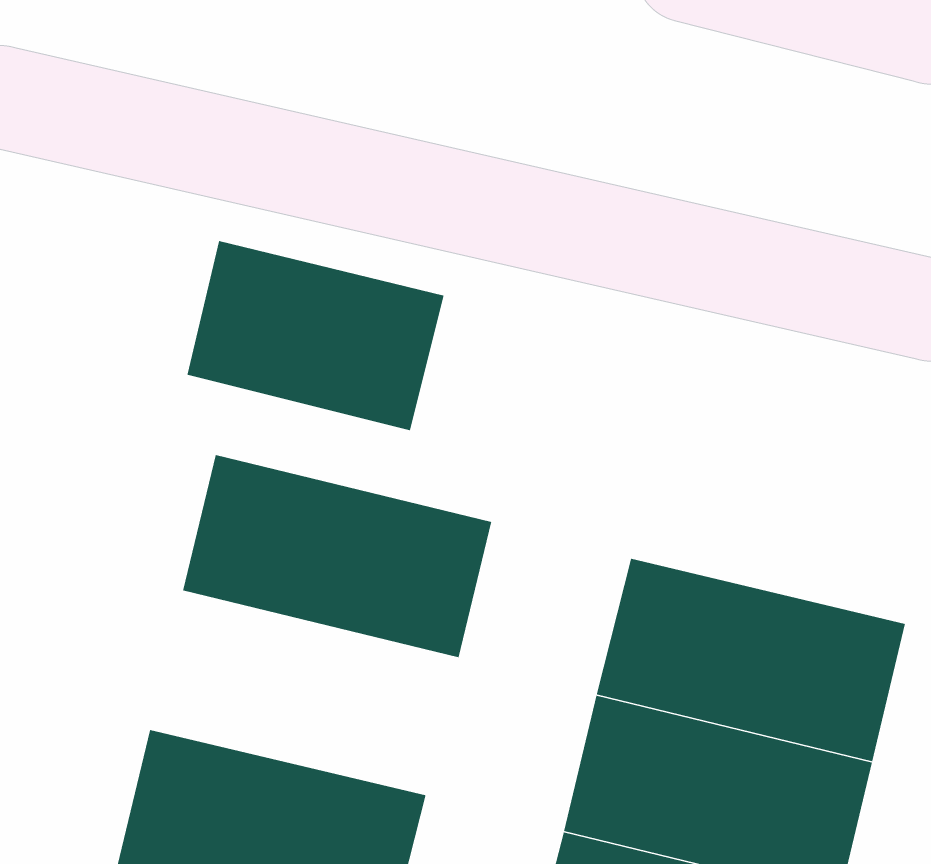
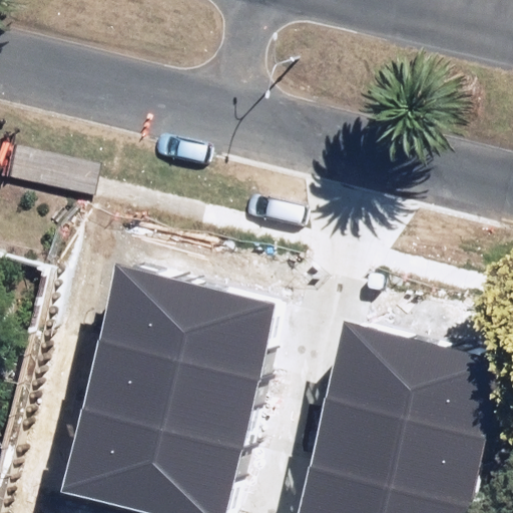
building: [187,240,444,431] -> none
building: none -> [82,342,252,454]

